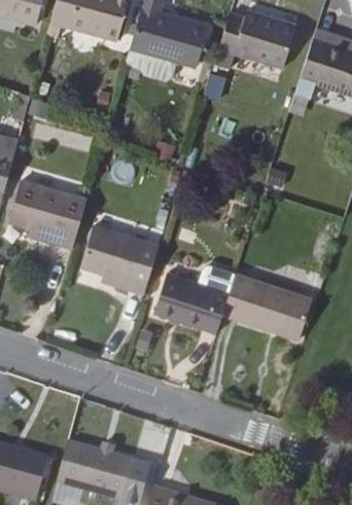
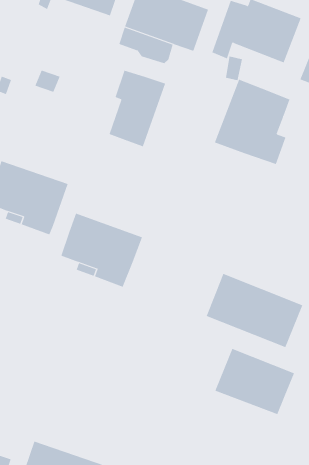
building: none -> [109,70,166,147]
building: none -> [214,79,290,165]
building: [152,273,226,332] -> [215,348,295,415]

